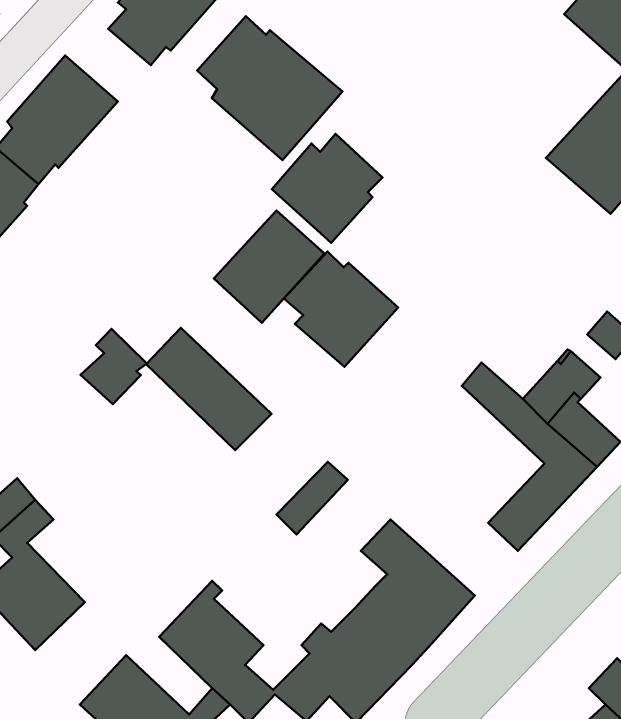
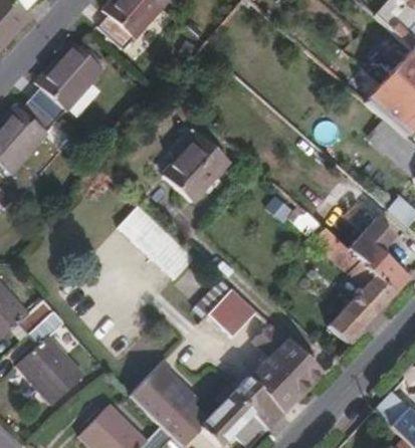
building: [197,16,342,160] -> none
building: [272,134,382,243] -> none
building: [284,252,398,367] -> none
building: [80,329,147,404] -> none

